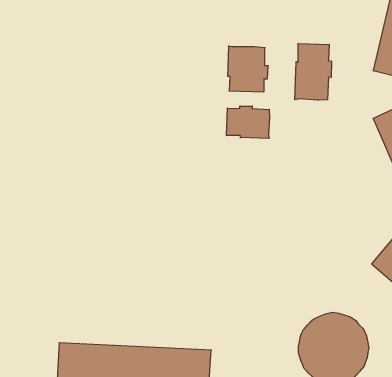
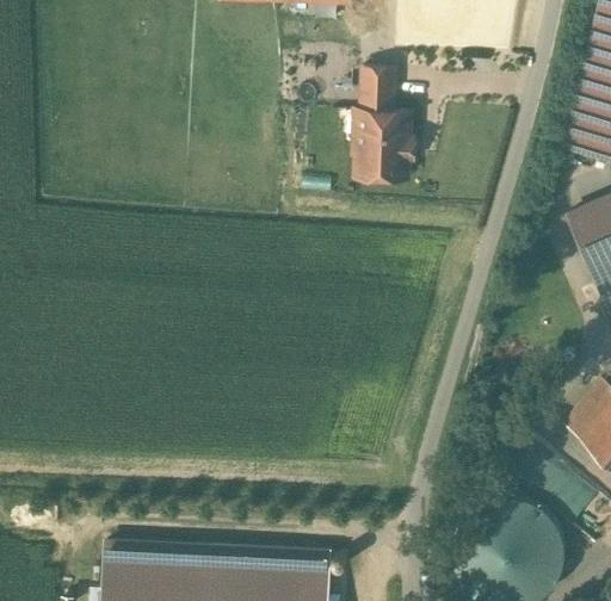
building: none -> [362,70,395,113]
building: [295,43,331,100] -> none
building: [226,106,269,138] -> none

